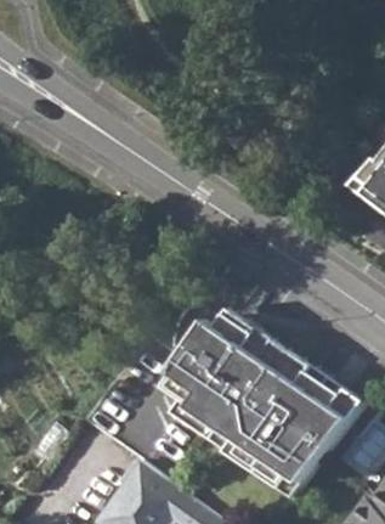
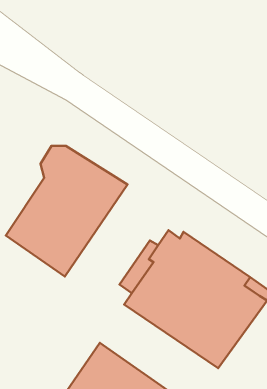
building: none -> [6,146,127,276]

